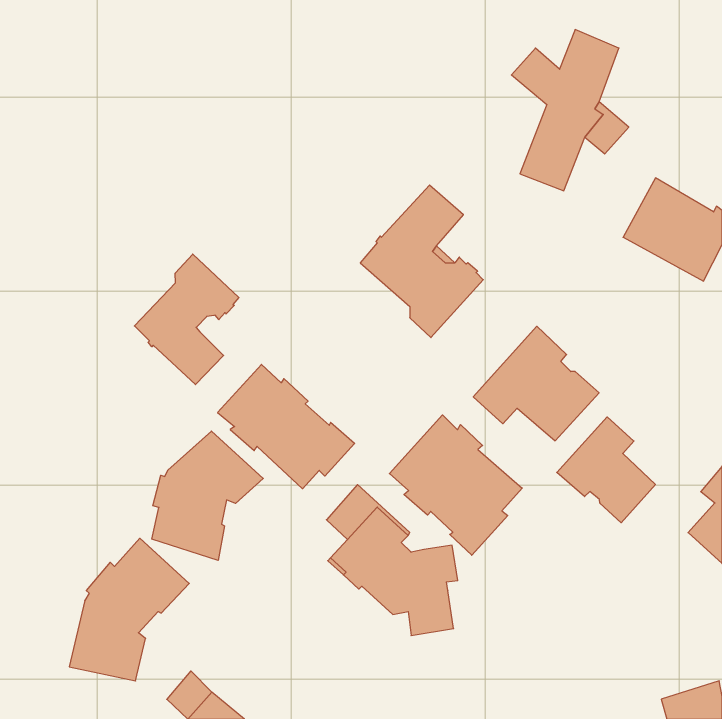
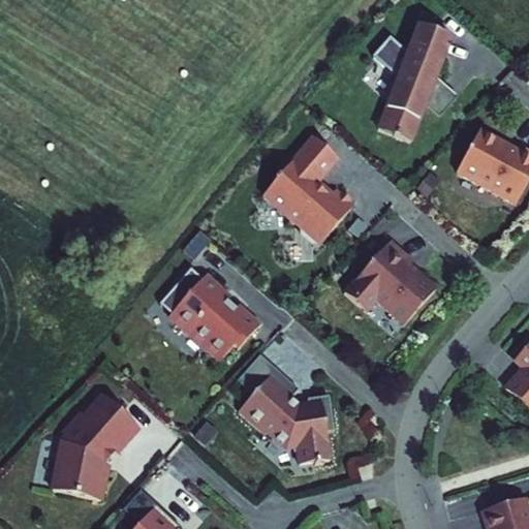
building: [134,254,239,385] -> none
building: [389,415,522,555] -> none
building: [557,417,655,523] -> none
building: [152,431,263,560] -> none

